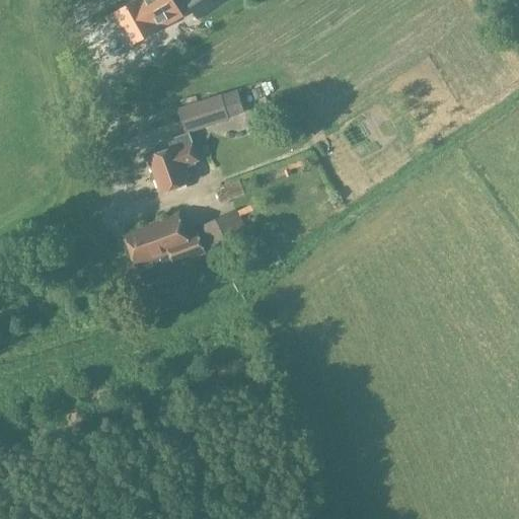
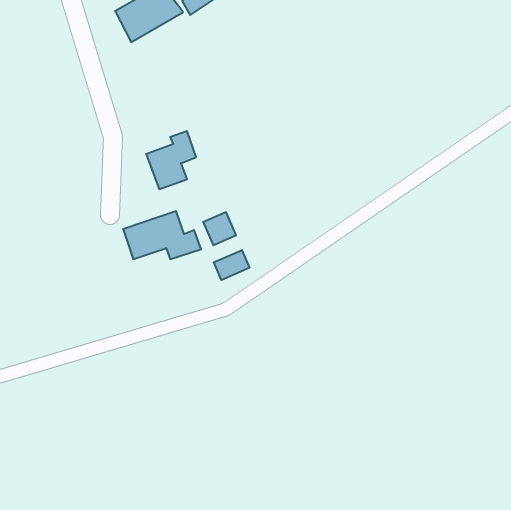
building: [178,90,244,132] -> none
building: none -> [214,250,250,280]

